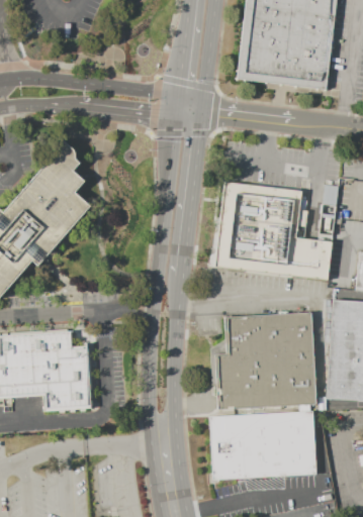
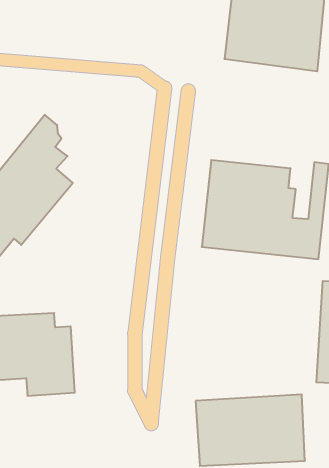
building: [215,312,316,409] -> none

